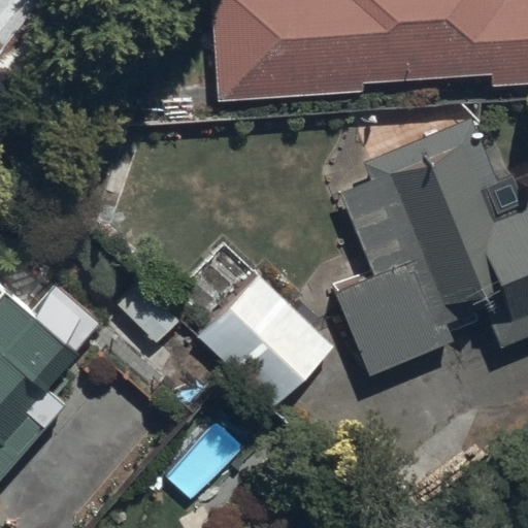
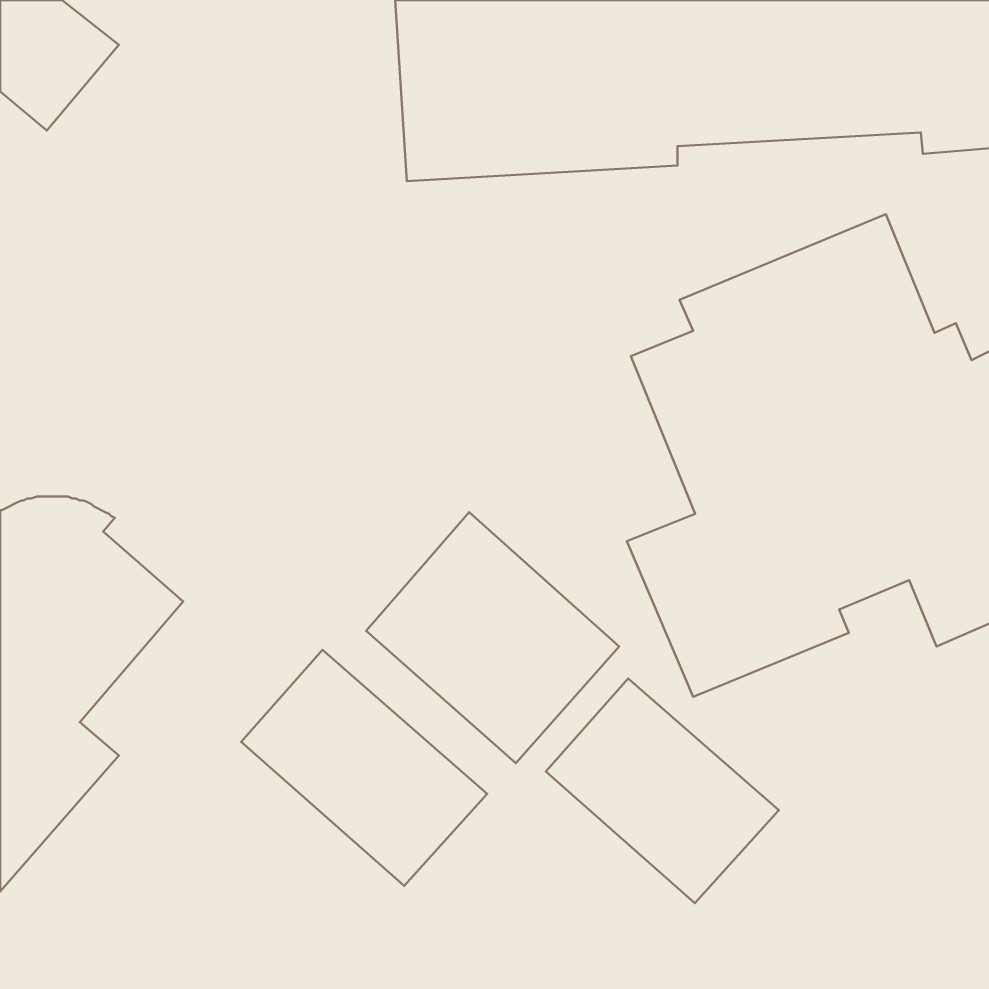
building: none -> [241,650,487,886]
building: none -> [546,678,779,903]

